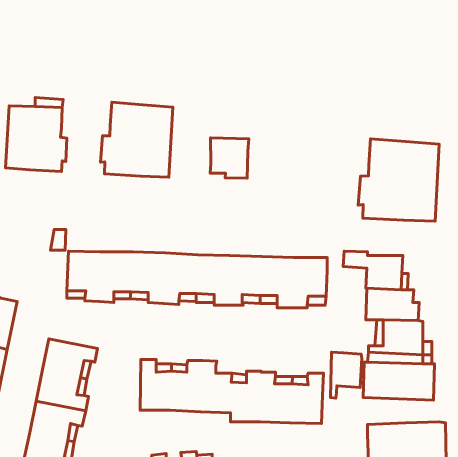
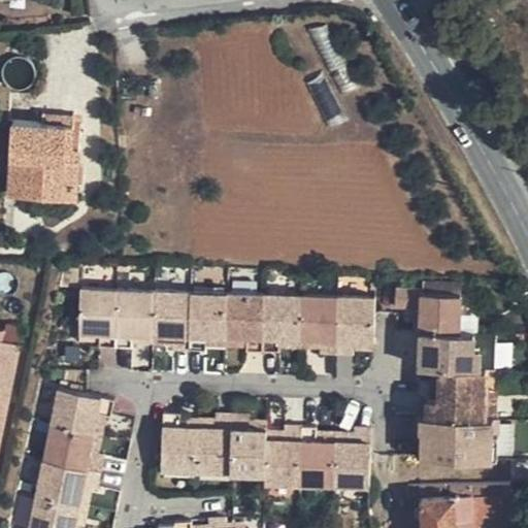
building: [101,102,173,177] -> none
building: [210,138,249,178] -> none
building: [358,139,439,221] -> none
building: [330,352,362,398] -> none

